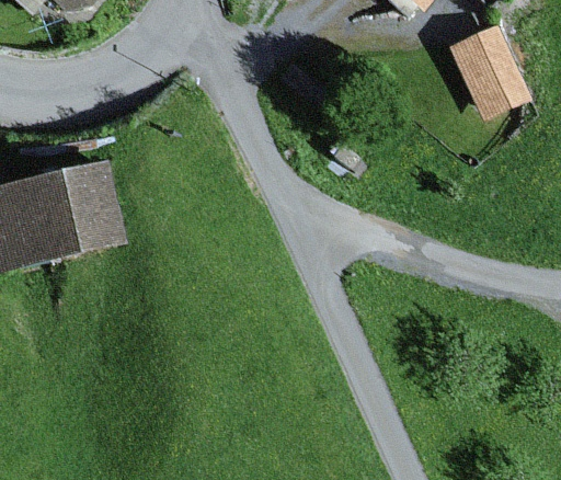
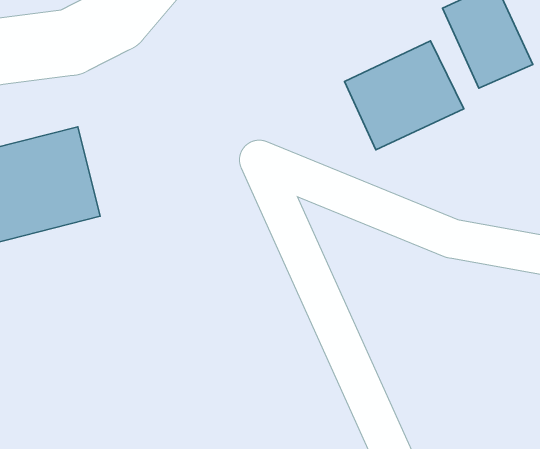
building: none -> [344,41,464,150]

